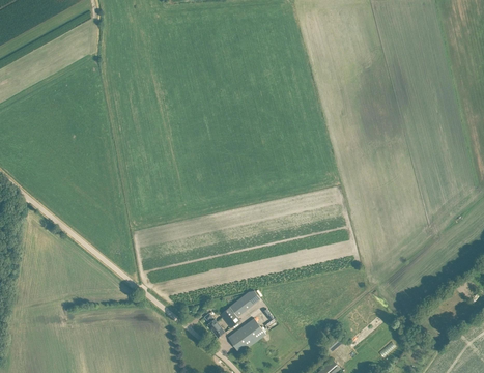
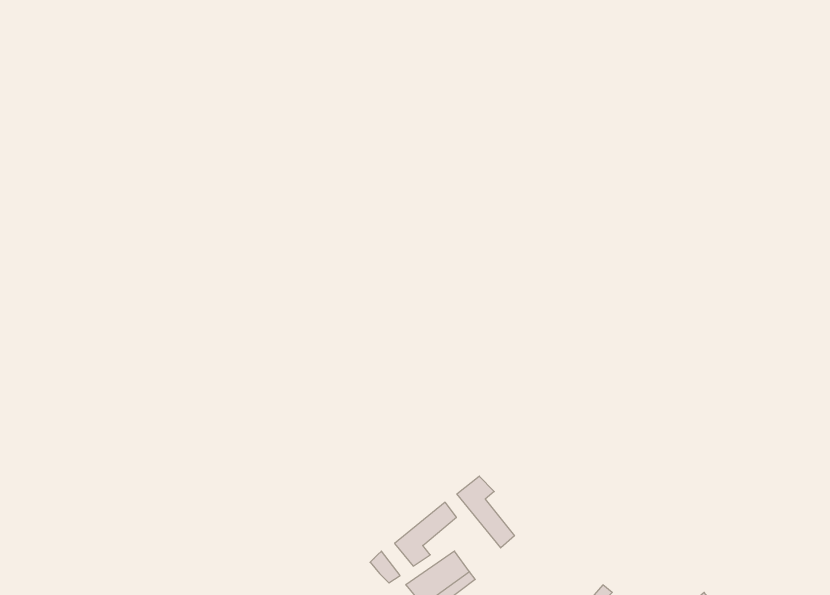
building: none -> [457,476,514,548]

